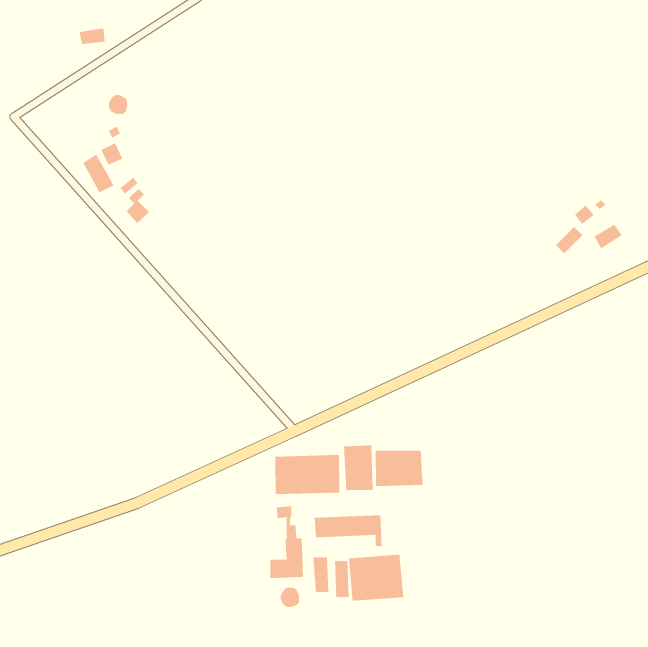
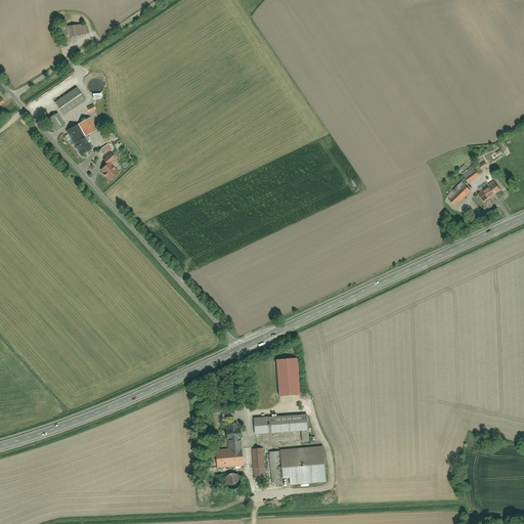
building: none -> [54,85,86,114]
building: [375,450,423,487] -> none
building: [275,454,340,495] -> none

